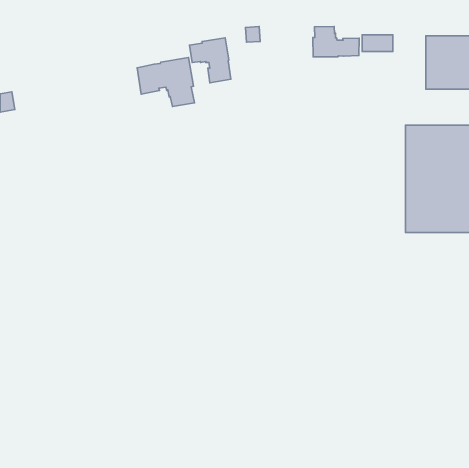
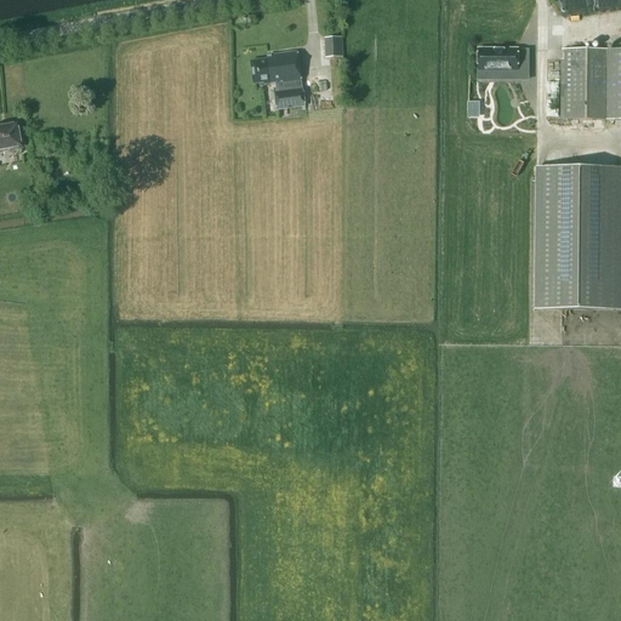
building: [313,27,359,57] -> none
building: [137,57,194,107] -> none

